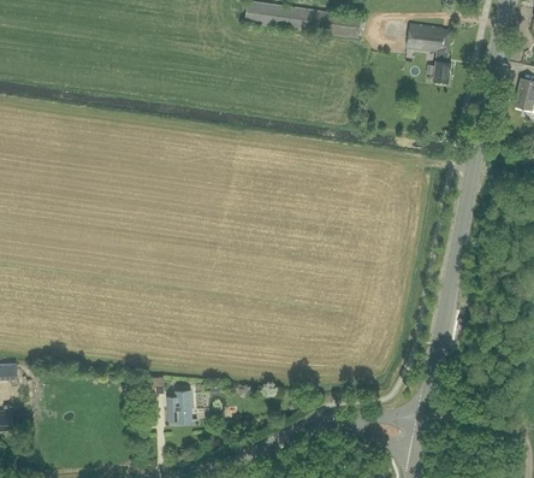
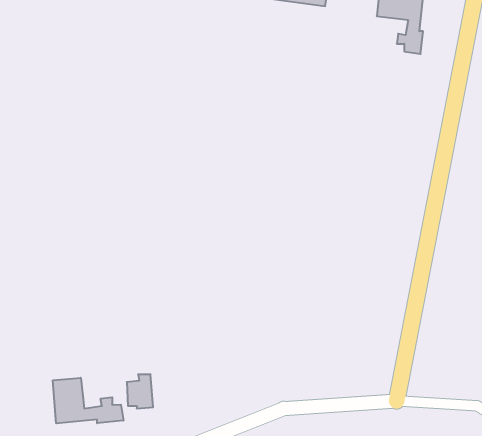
building: none -> [53,378,123,423]

